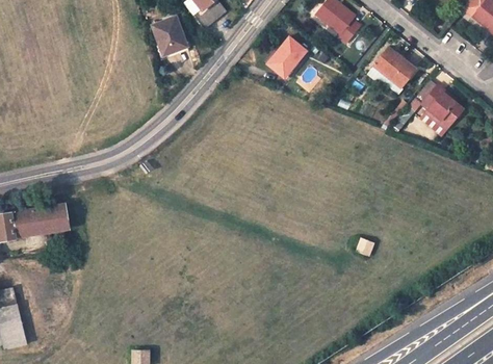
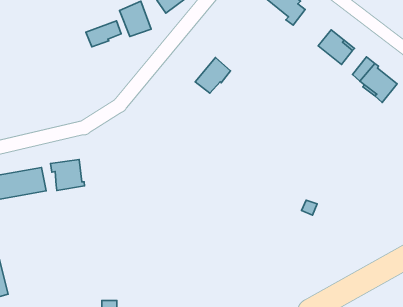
building: [266,36,306,76] -> [195,58,230,93]
building: none -> [86,21,121,47]
building: none -> [50,159,85,190]

